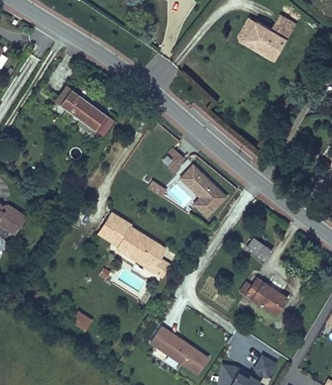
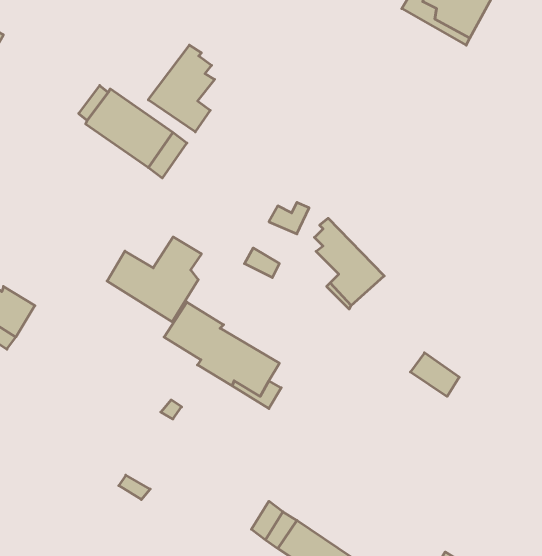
building: none -> [148,45,215,132]
building: none -> [107,237,201,322]
building: [237,279,287,319] -> none

